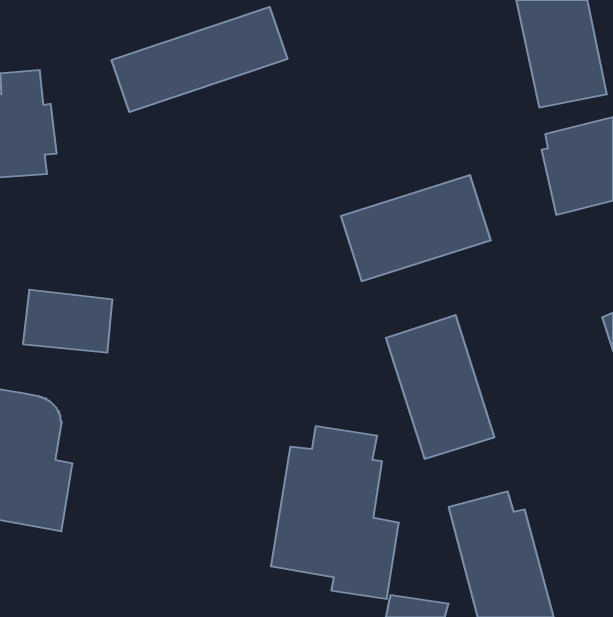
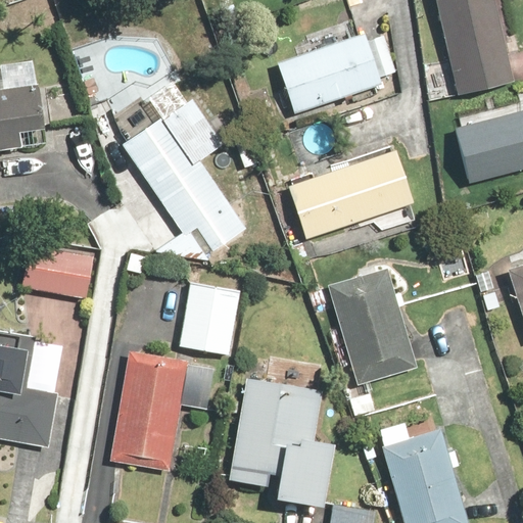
building: [112,7,287,112] -> none
building: none -> [279,34,396,112]
building: none -> [115,80,247,260]
building: none -> [178,282,240,358]
building: none -> [108,352,216,473]

